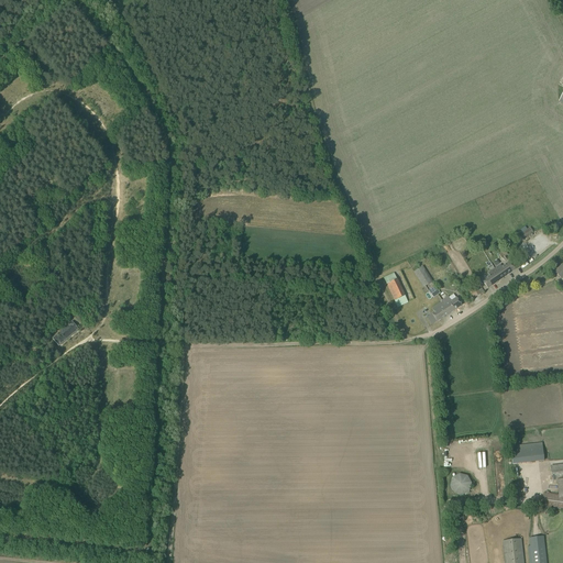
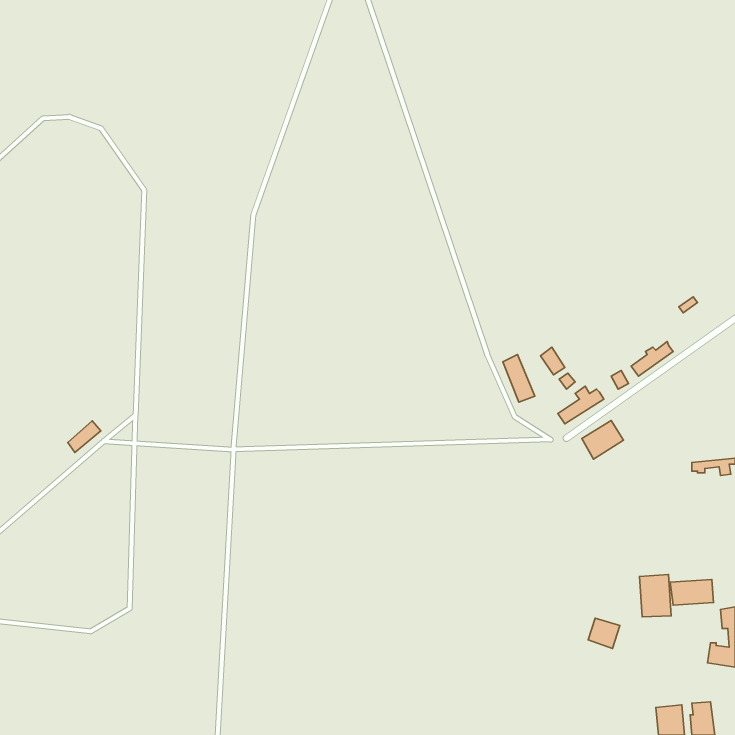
building: none -> [582,420,624,459]
building: none -> [640,574,671,617]

